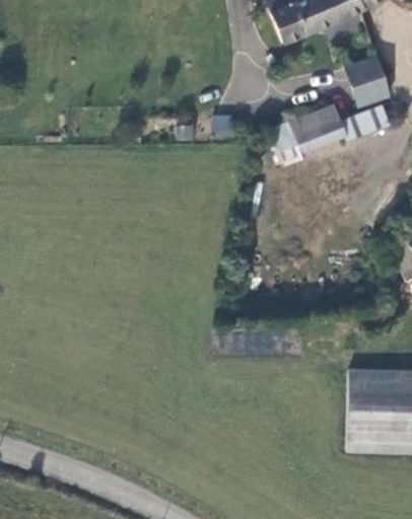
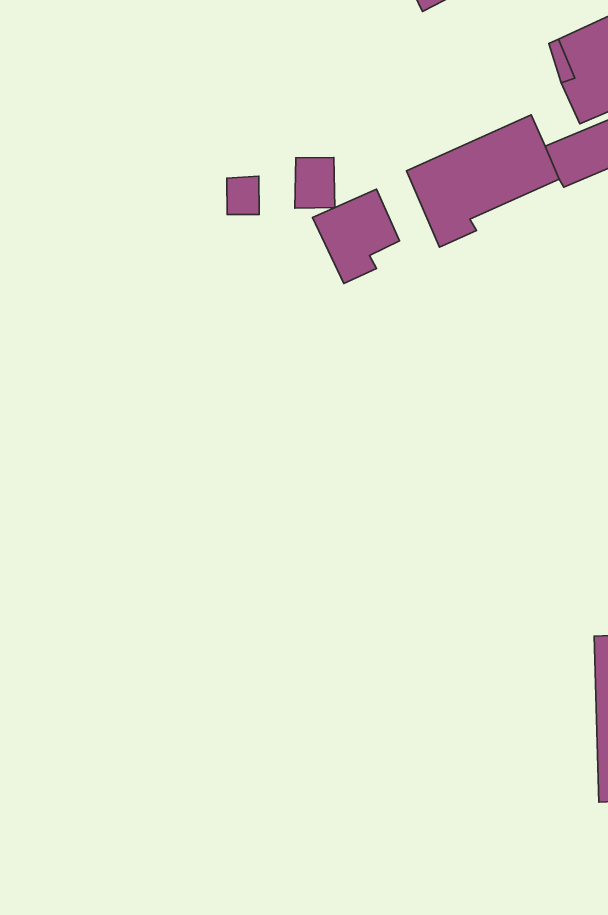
building: none -> [313,189,400,283]

